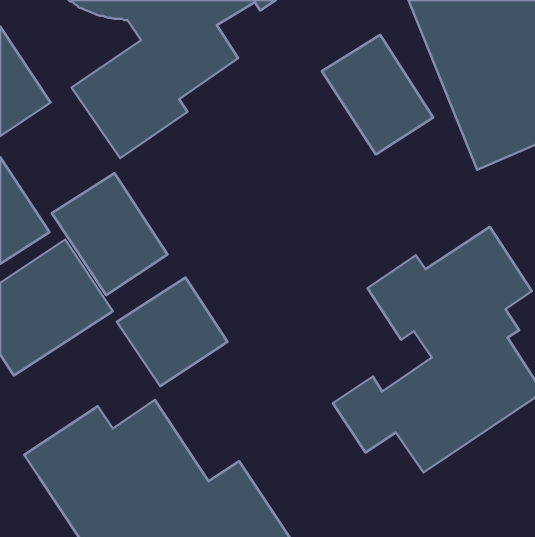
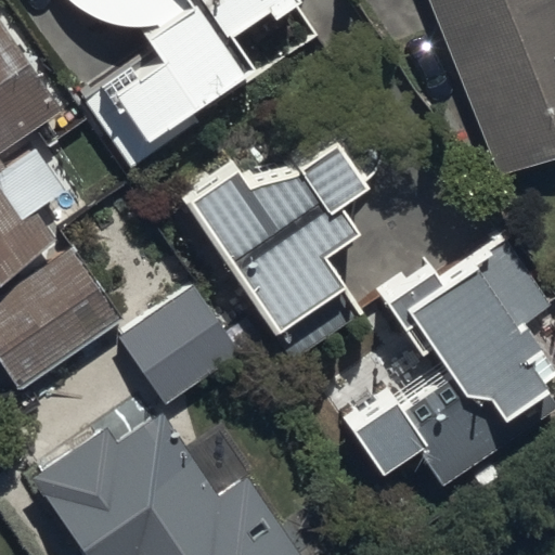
building: [322,35,433,154] -> none
building: none -> [185,137,364,351]
building: [52,173,168,295] -> none

